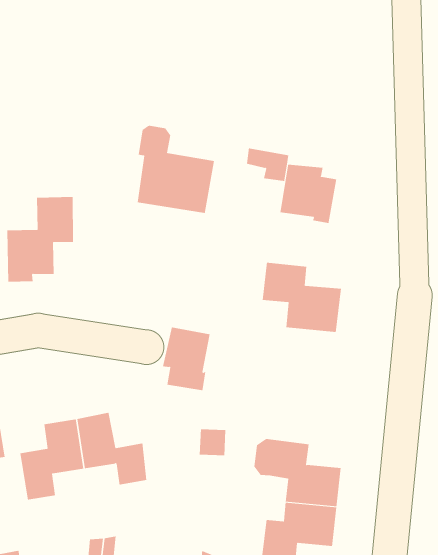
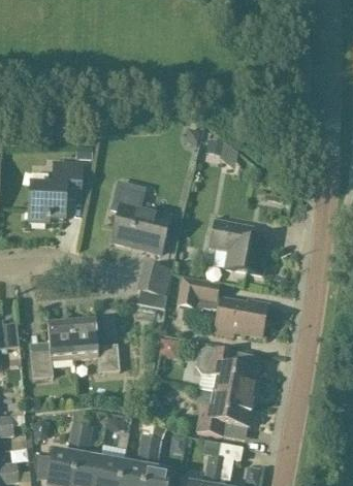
building: [137,125,215,214] -> [111,187,169,253]
building: [280,164,337,224] -> none
building: none -> [176,277,267,336]

